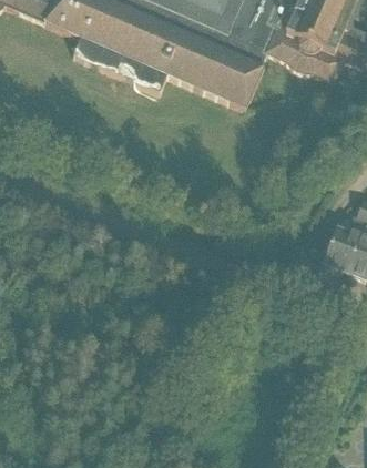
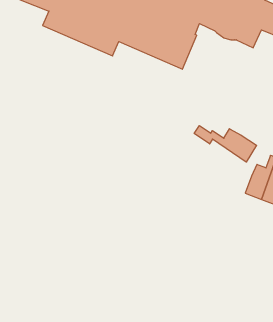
building: none -> [194,126,257,162]

